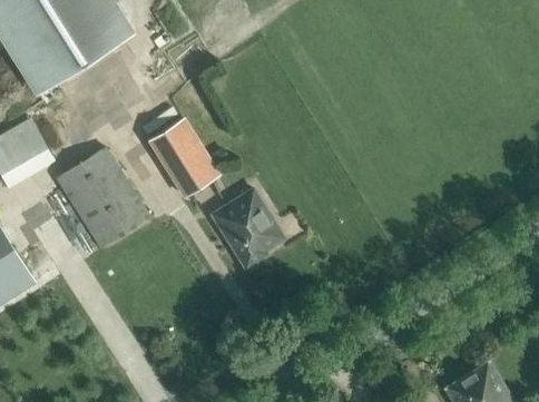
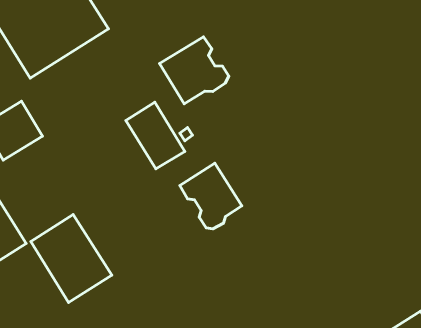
building: none -> [160,37,229,104]
building: [57,147,150,248] -> [31,214,112,302]

